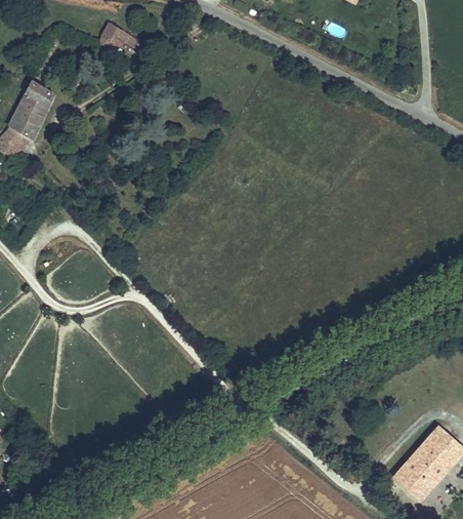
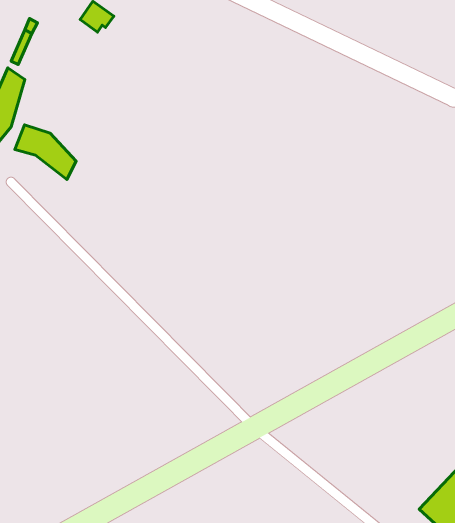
building: none -> [15,125,76,179]

